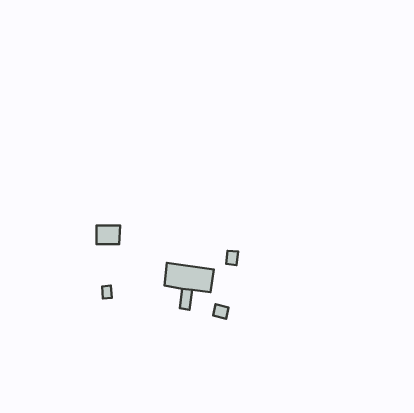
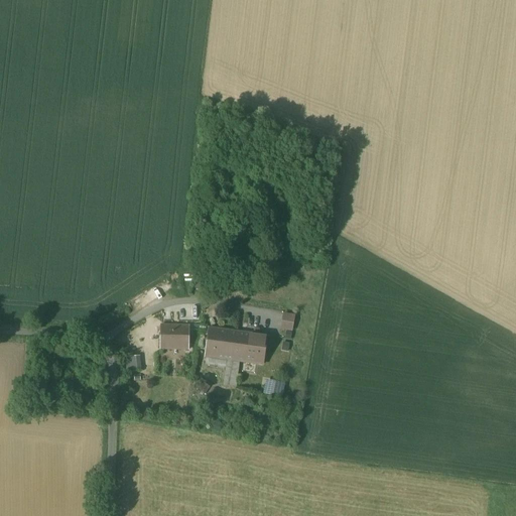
building: [97,226,120,244] -> [160,325,189,348]

